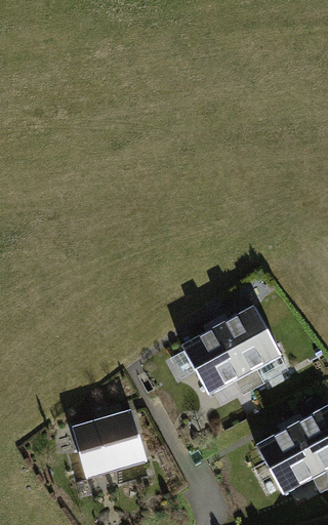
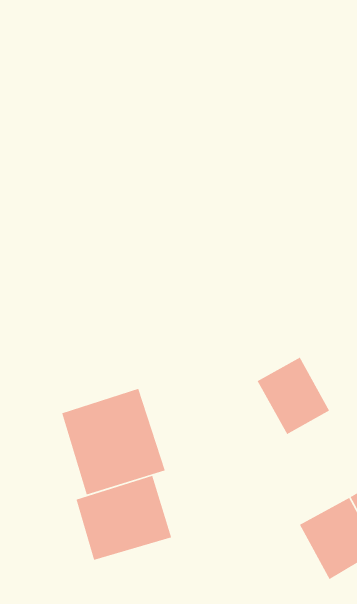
building: [179,325,248,395] -> none
building: none -> [61,388,166,495]

